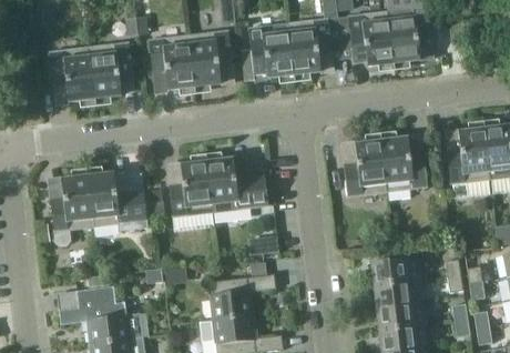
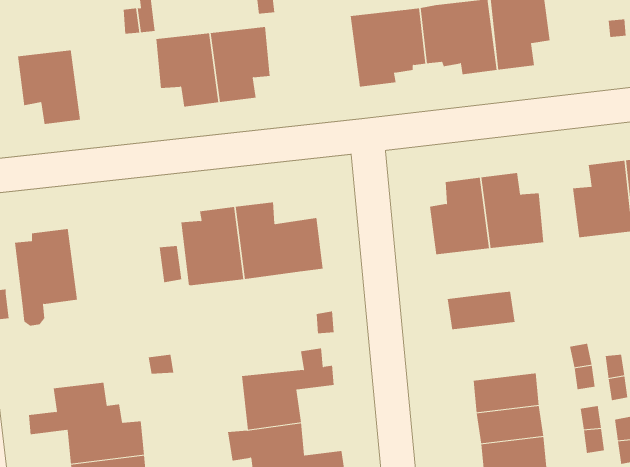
building: [239,24,294,81] -> none
building: [89,43,133,99] -> none
building: [88,173,147,231] -> none
building: [371,258,420,285] -> [447,291,515,330]

